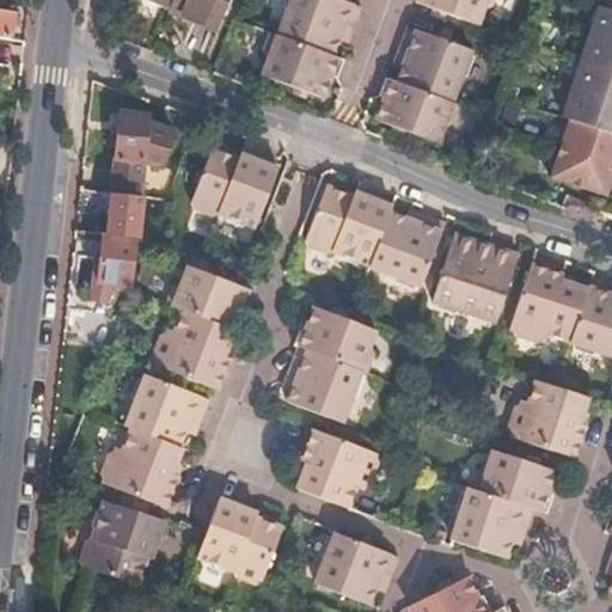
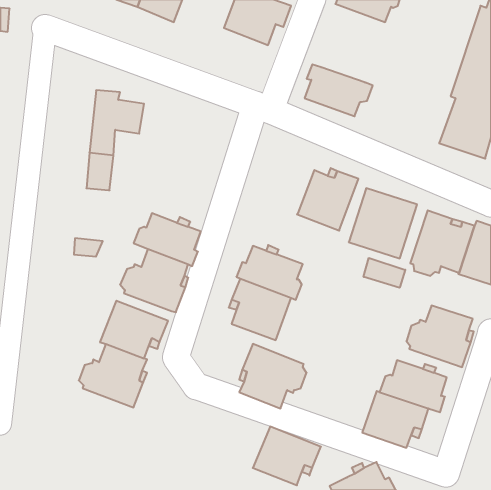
building: [399,29,473,103] -> none
building: [263,32,345,98] -> none
building: [191,147,279,225] -> none
building: [305,185,393,265] -> none
building: [99,233,135,281] -> none
building: none -> [364,258,405,288]
building: [81,497,167,582] -> none
building: [197,497,282,585] -> none

